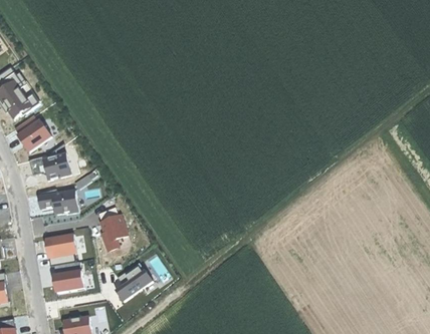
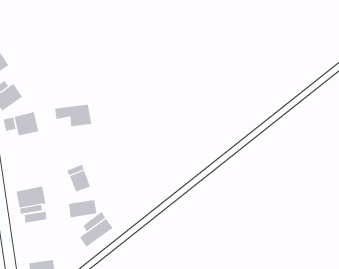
building: [36,191,78,216] -> [54,104,92,127]
building: [51,272,83,292] -> [68,200,97,218]

